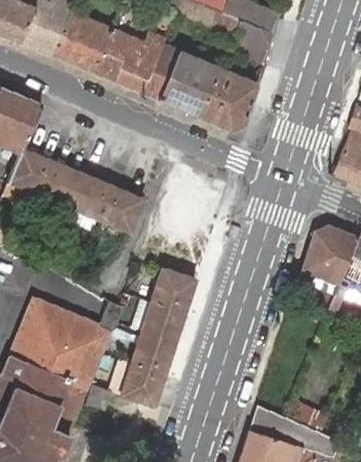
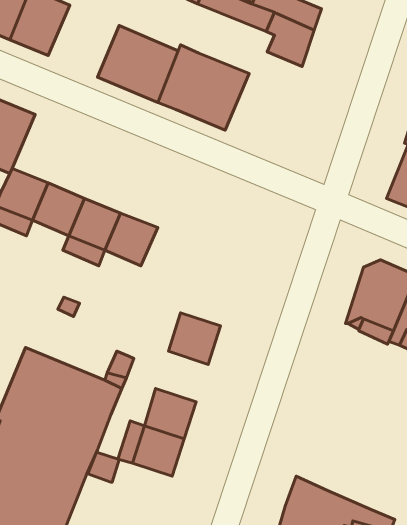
building: [52,12,111,72] -> none
building: [199,69,257,129] -> none
building: [141,300,185,342] -> none

